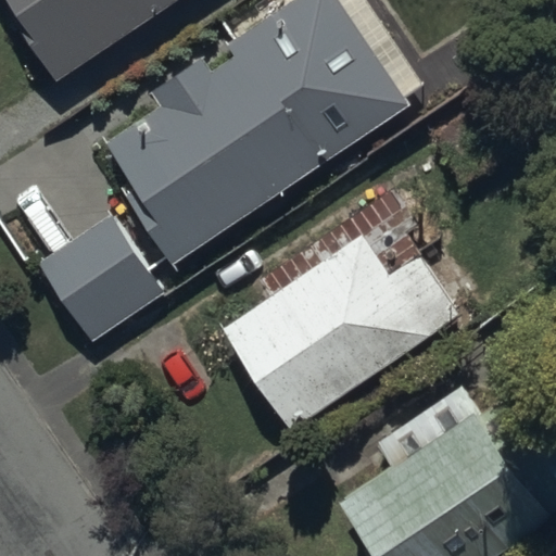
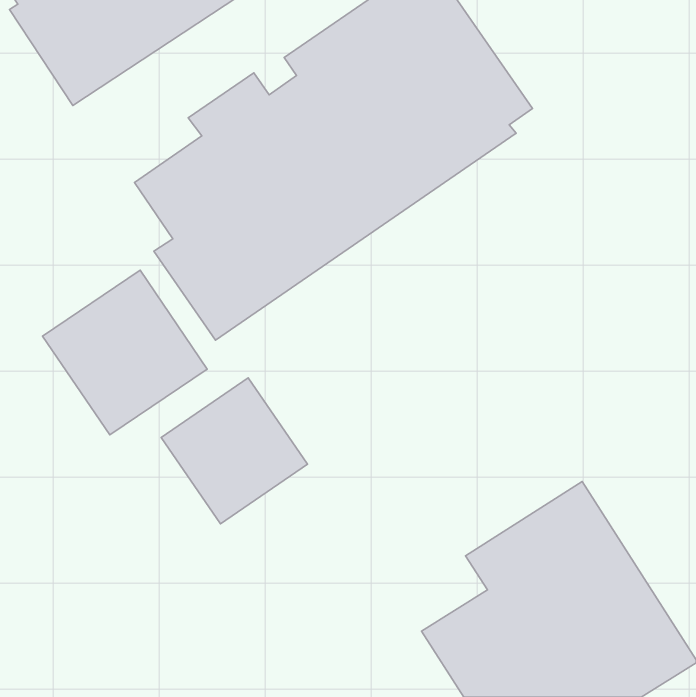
building: [219,235,458,432] -> none
building: none -> [161,378,308,524]

